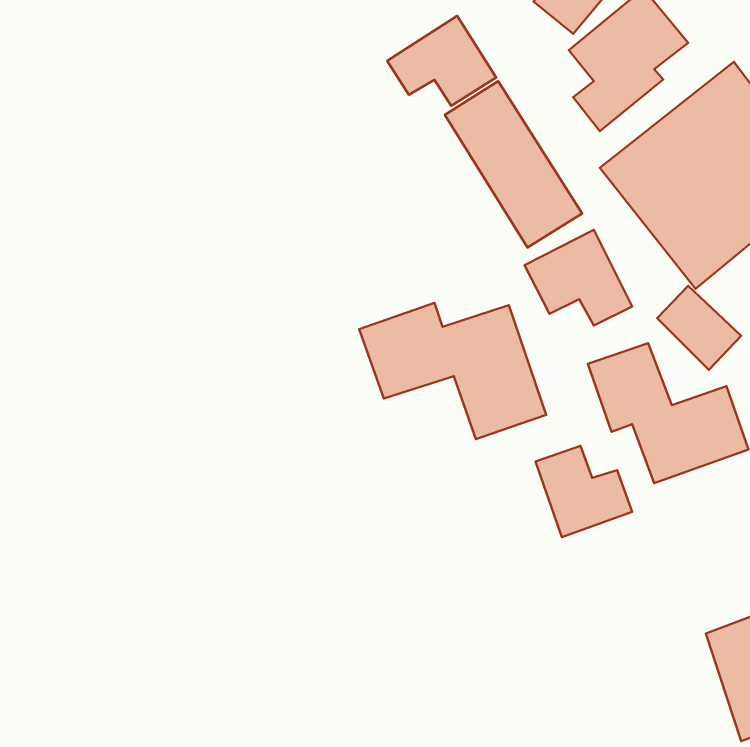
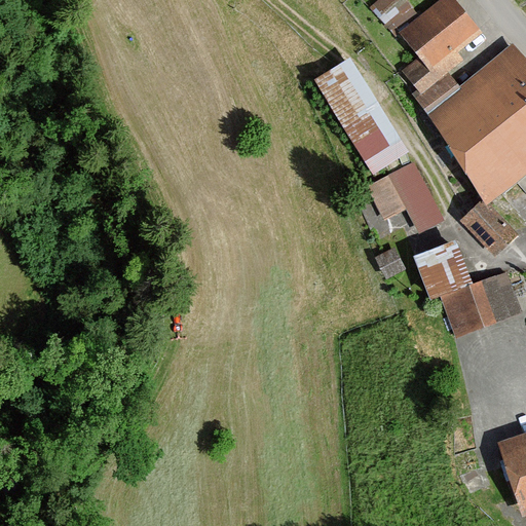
building: [387,16,496,106] -> none
building: [359,303,546,439] -> none
building: [536,446,632,537] -> none

